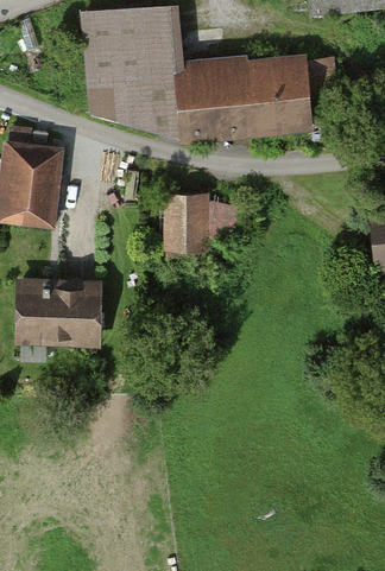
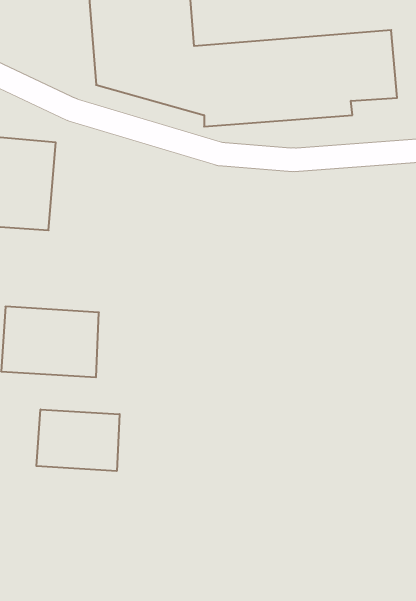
building: [163,195,244,255] -> none
building: none -> [36,409,120,471]

